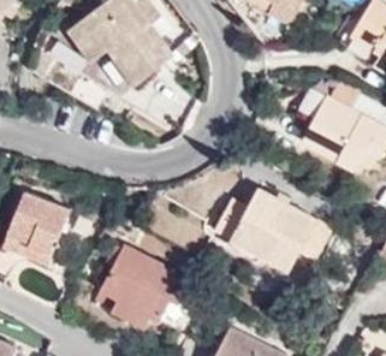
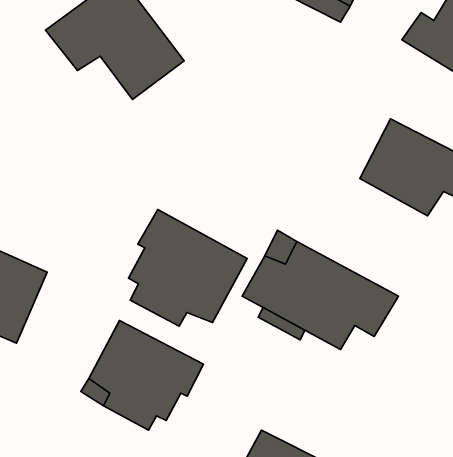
building: none -> [128,209,247,326]

